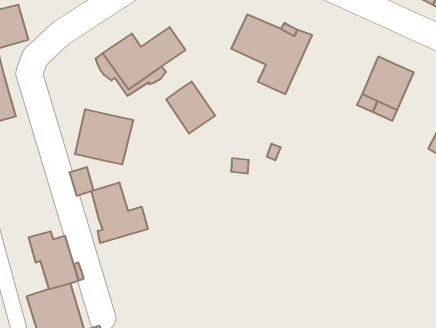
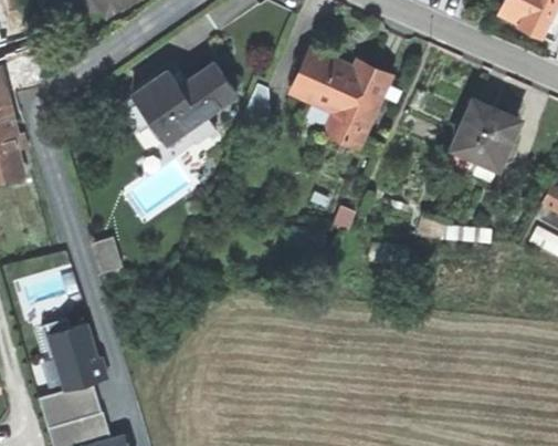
building: [166,81,215,134] -> none
building: [75,109,133,165] -> none
building: [92,182,148,243] -> none

